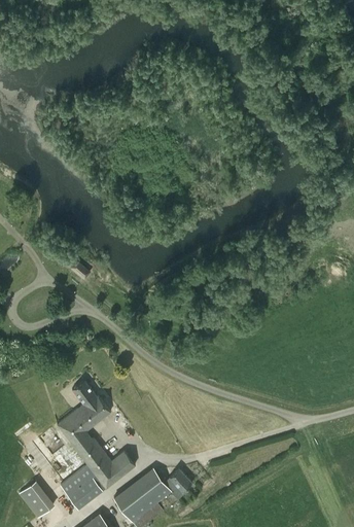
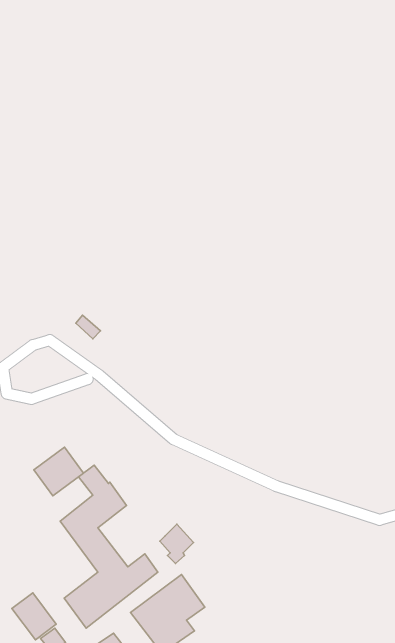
building: none -> [34,447,84,496]
building: [165,467,191,498] -> [160,524,194,563]

